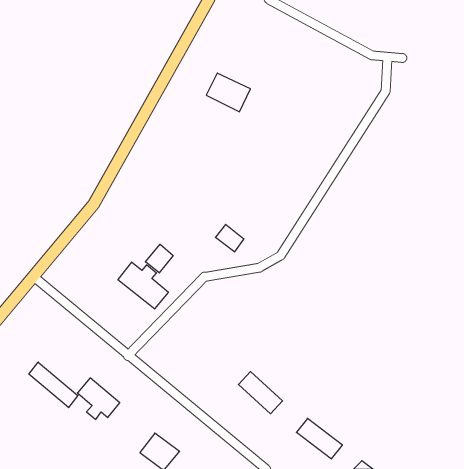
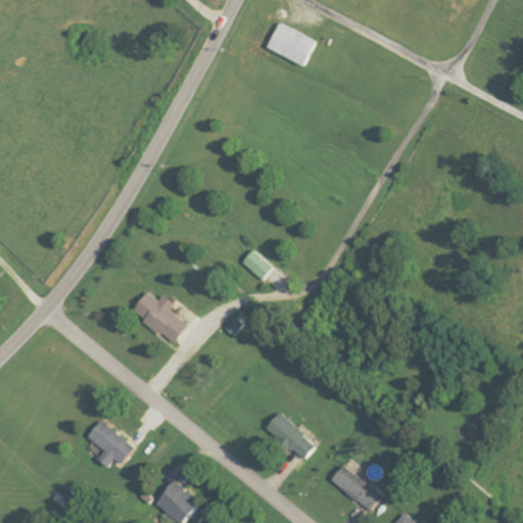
building: [206,73,250,112] -> [265,22,314,65]
building: [145,244,173,273] -> none
building: [29,362,78,408] -> none

